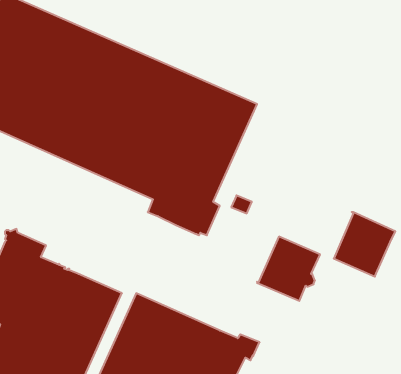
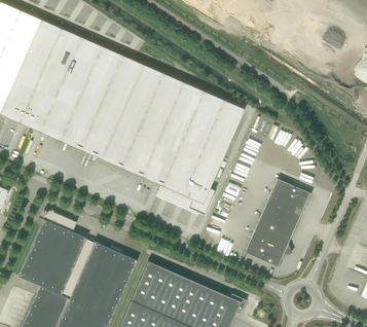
building: [334,212,395,277] -> [261,178,310,229]

